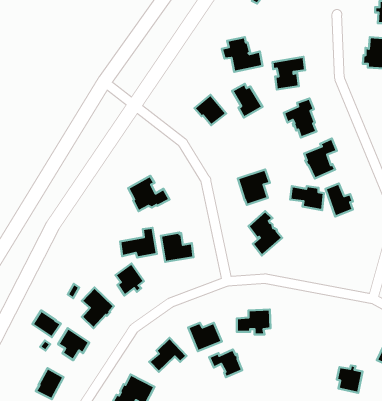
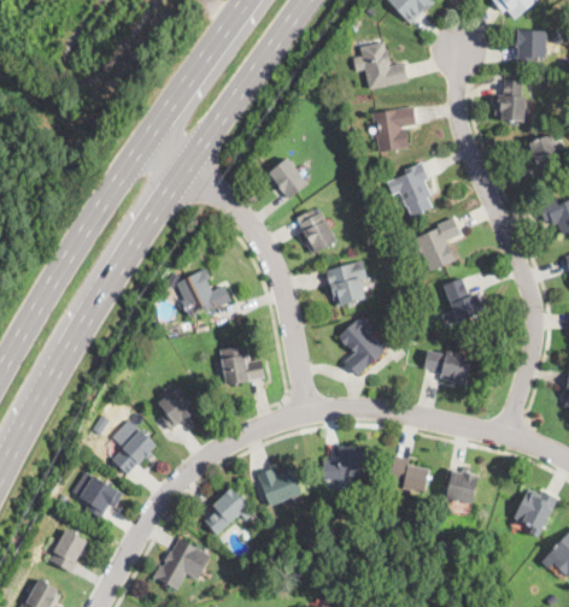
building: [222,37,263,72] -> [352,42,407,89]
building: [232,84,262,118] -> [295,208,336,254]
building: [290,186,324,210] -> [423,350,469,383]
building: [120,228,157,257] -> none
building: [32,310,61,337] -> none
building: none -> [388,455,429,493]
building: [209,349,242,377] -> none
building: [337,365,362,393] -> [444,466,479,503]

